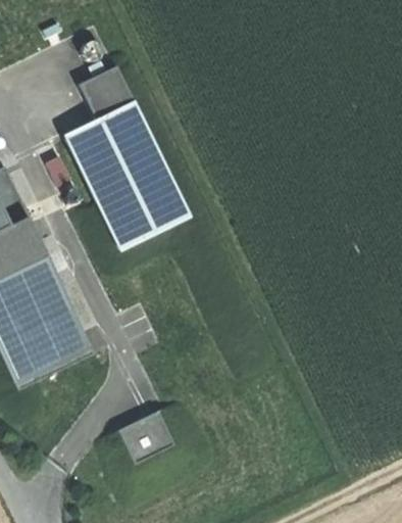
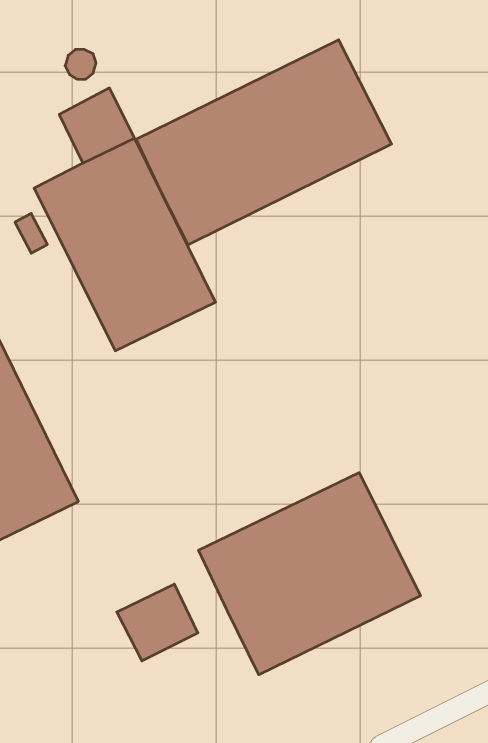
building: none -> [136,40,392,245]
building: none -> [199,473,420,675]

